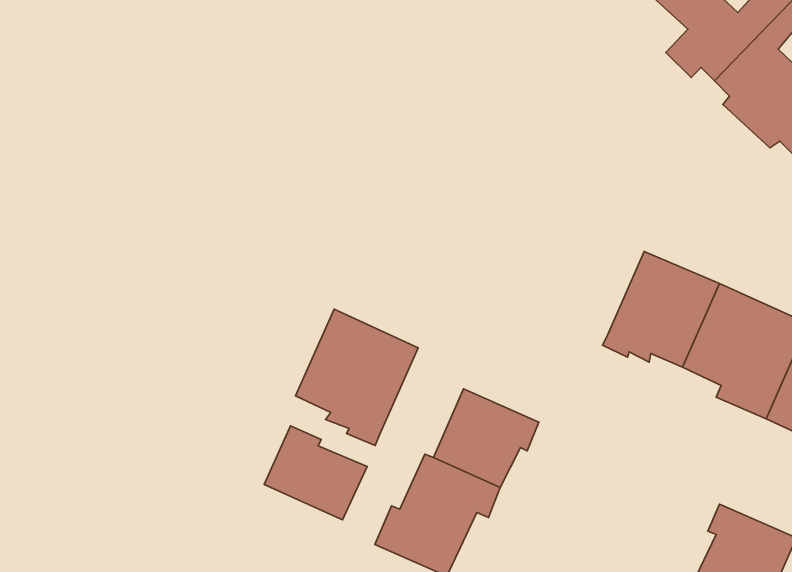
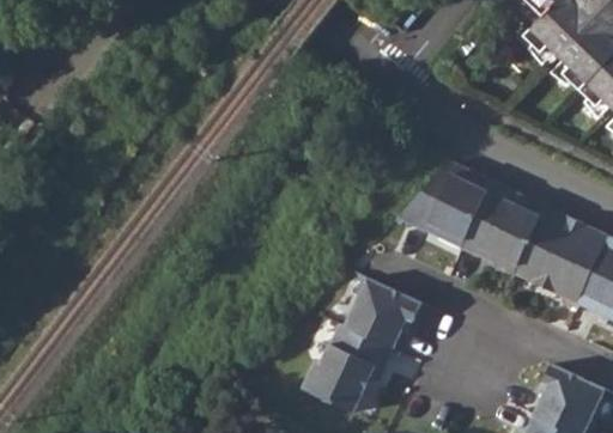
building: none -> [397,166,494,244]
building: [296,309,418,446] -> none
building: [264,426,367,520] -> none

